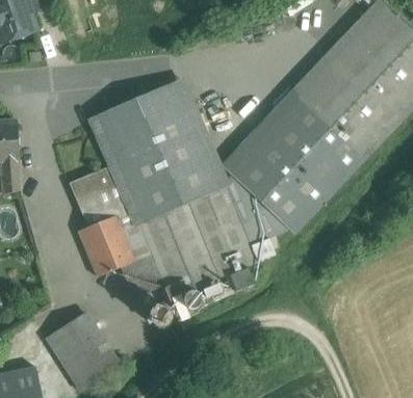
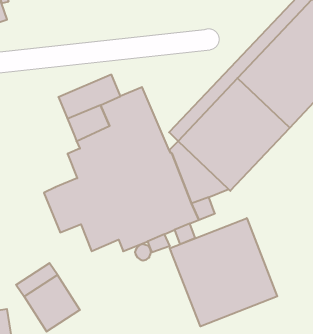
building: [156,85,191,121] -> none
building: [73,166,120,225] -> none
building: none -> [170,218,277,326]

